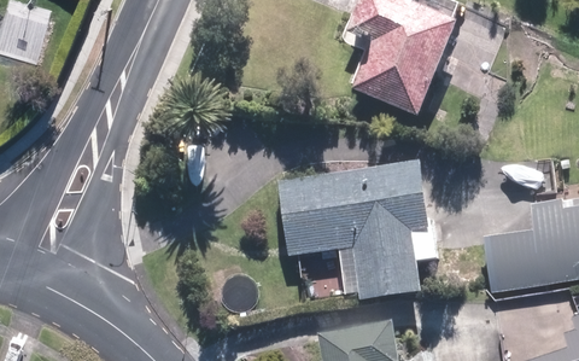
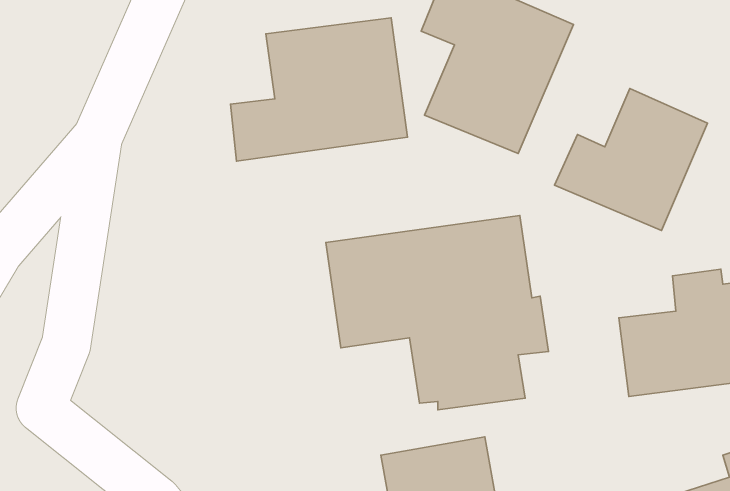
building: none -> [230,18,408,161]
building: none -> [554,88,707,230]

